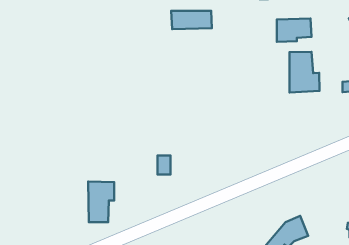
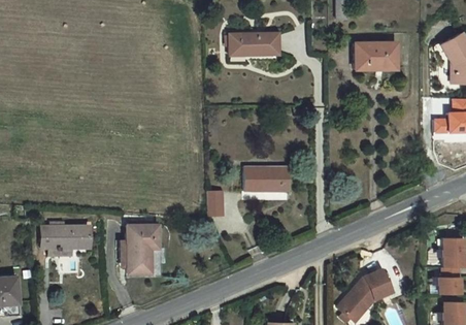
building: [289,52,319,92] -> none
building: none -> [247,172,292,198]
building: none -> [44,231,92,256]

